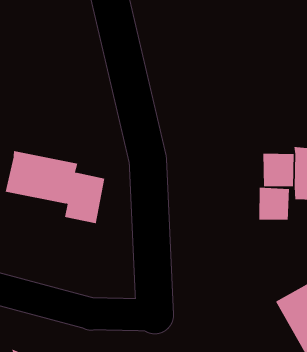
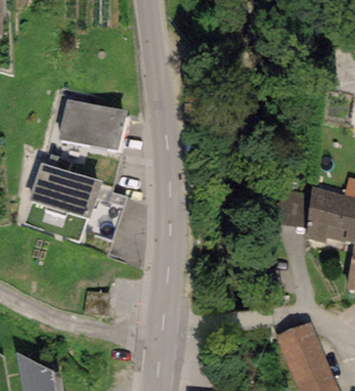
building: none -> [57,98,125,149]
building: [259,187,289,221] -> none

